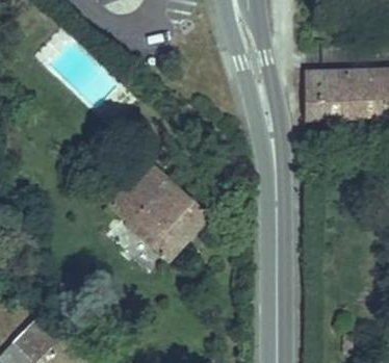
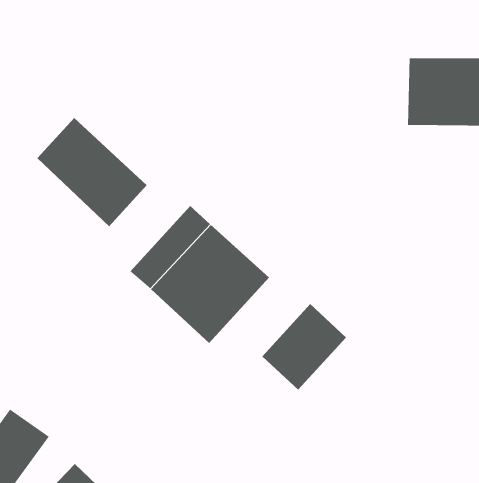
building: none -> [37,117,147,227]
building: none -> [262,303,347,391]

